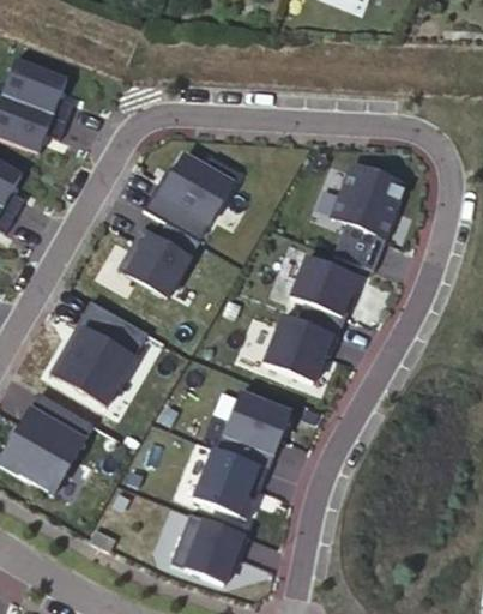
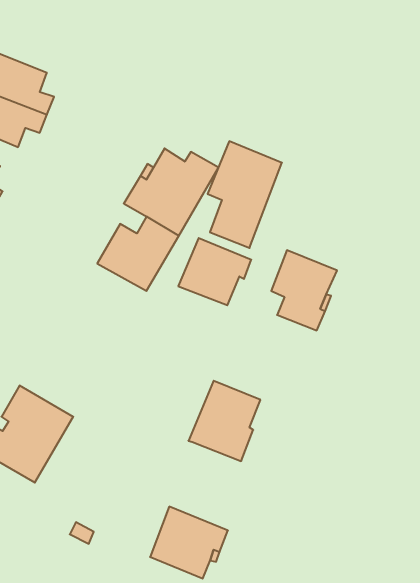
building: [332,164,406,271] -> [208,141,282,248]
building: [49,301,149,405] -> none
building: [264,315,337,383] -> [178,238,251,305]
building: [193,449,261,518] -> none

